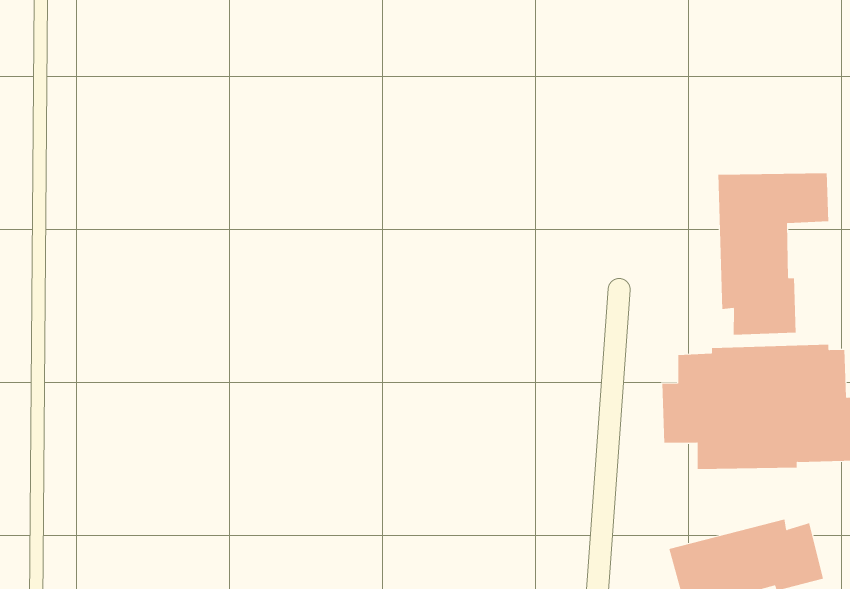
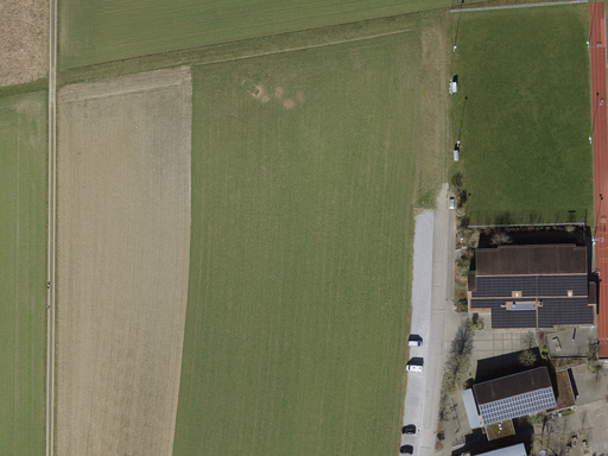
building: [718,173,829,336] -> none

